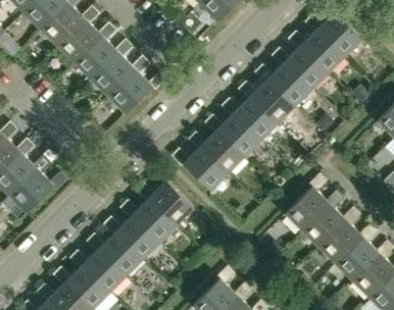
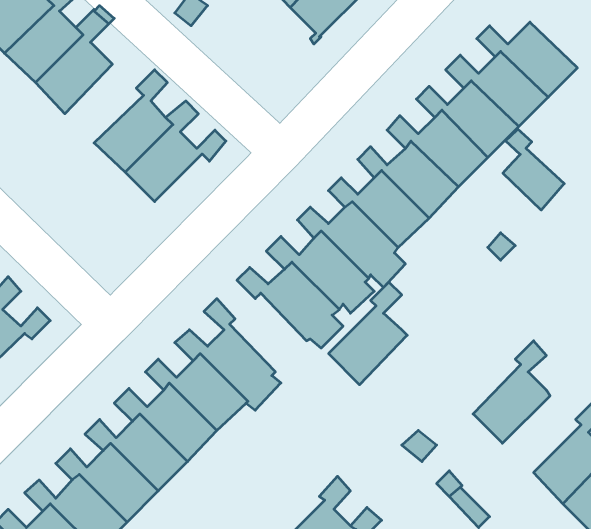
building: [76,22,119,81] -> none
building: none -> [503,128,564,210]
building: [286,174,330,231] -> [329,282,407,385]
building: [319,208,363,264] -> none

